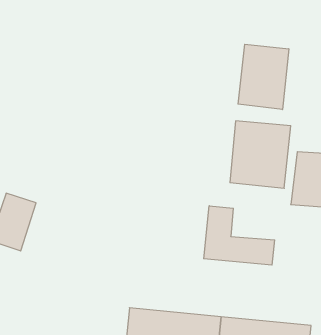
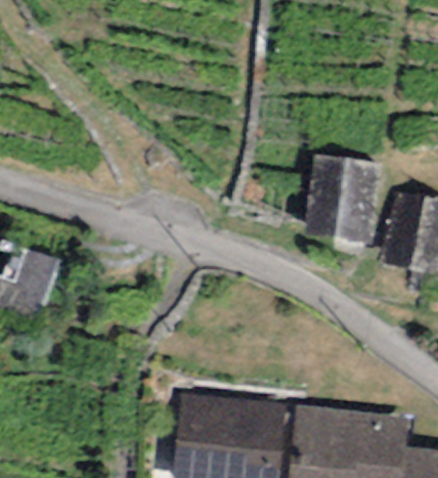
building: [238,44,289,110] -> none
building: [204,206,275,265] -> none

